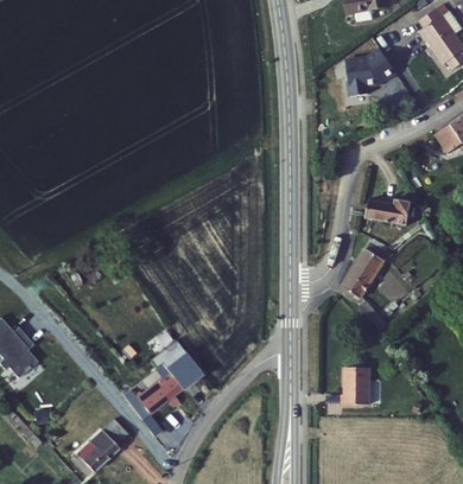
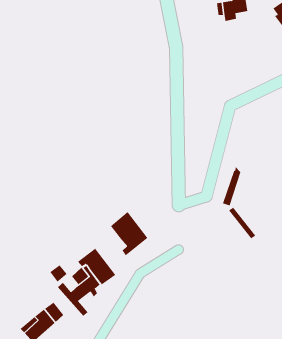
building: [351,55,402,102] -> none
building: [359,195,406,221] -> none
building: none -> [110,211,148,256]
building: [340,357,367,396] -> none

